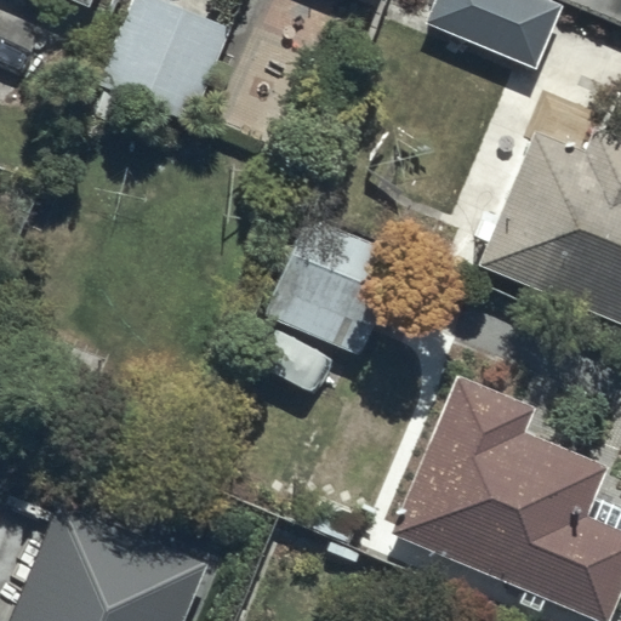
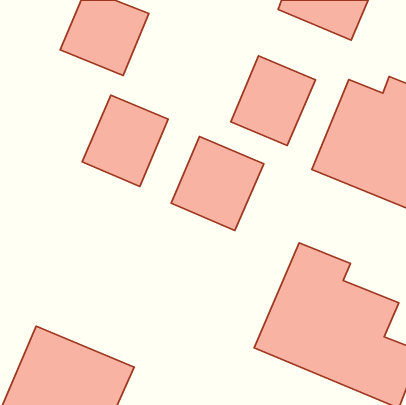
building: none -> [231,56,315,146]
building: none -> [82,95,168,186]

